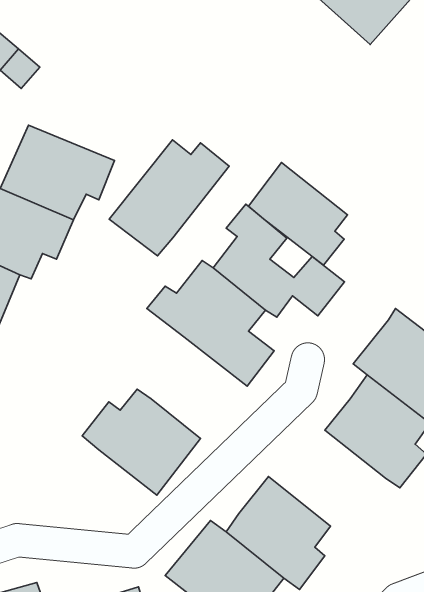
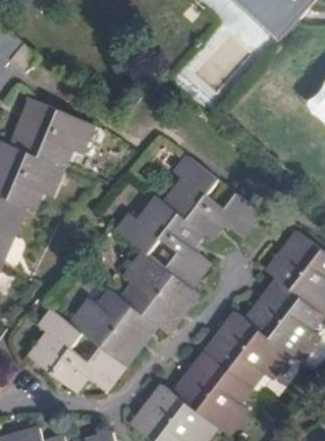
building: [109,140,229,256] -> none
building: [249,162,348,265] -> none
building: none -> [119,252,197,333]
building: none -> [29,309,123,391]
building: none -> [204,312,288,388]

